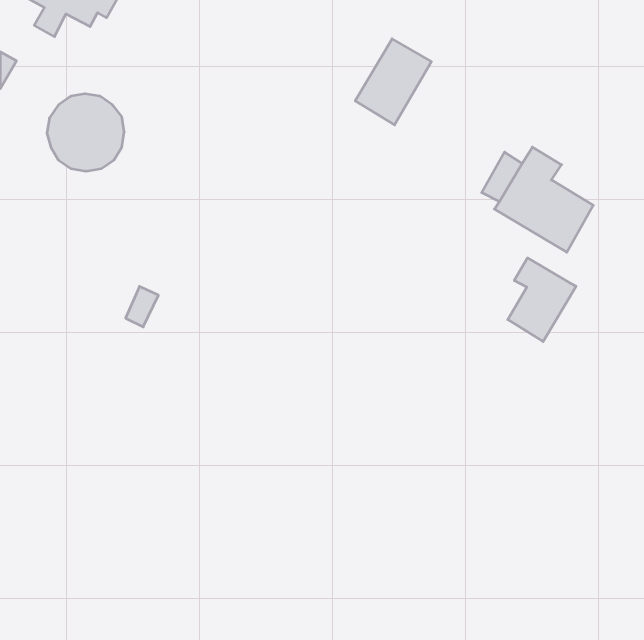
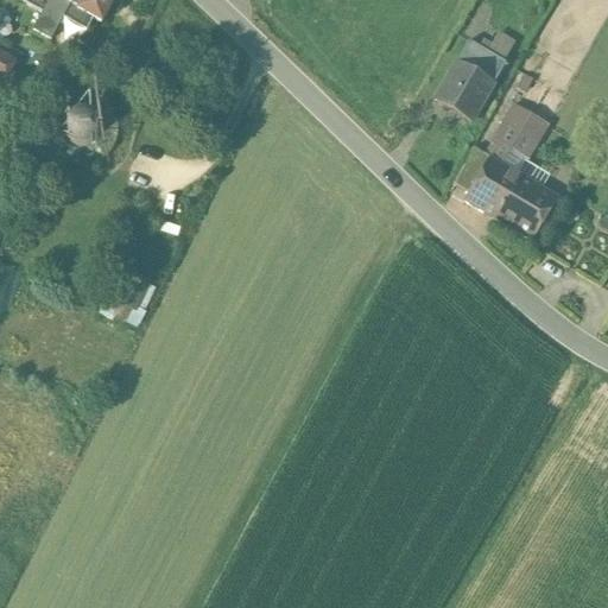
building: [355,39,431,125] -> [437,37,508,118]
building: none -> [499,103,549,154]
building: [508,258,576,342] -> none

